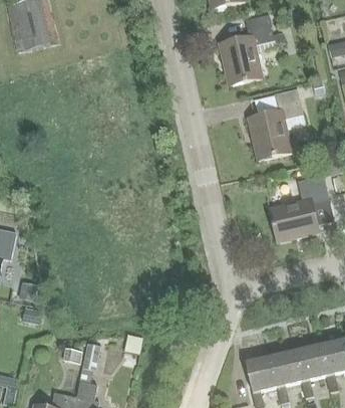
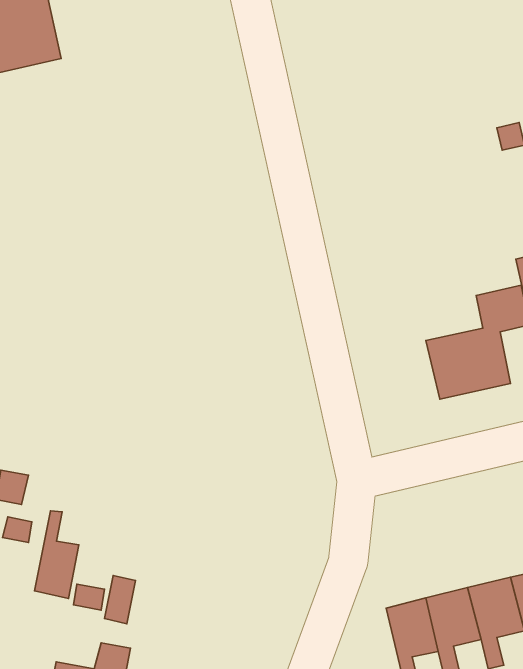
building: [219,14,273,84] -> none
building: [248,87,303,159] -> none
building: none -> [35,511,79,599]

